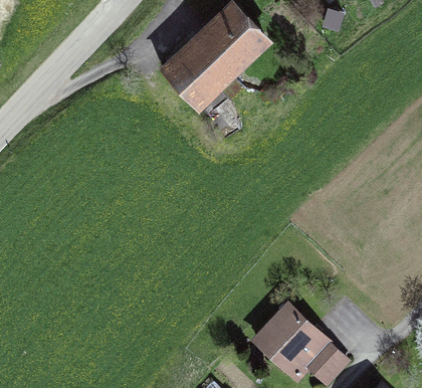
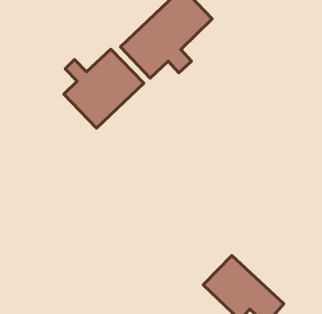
building: none -> [64,49,144,128]

